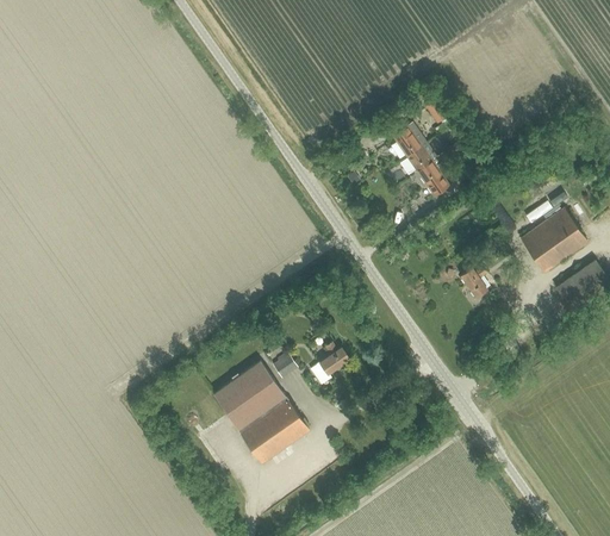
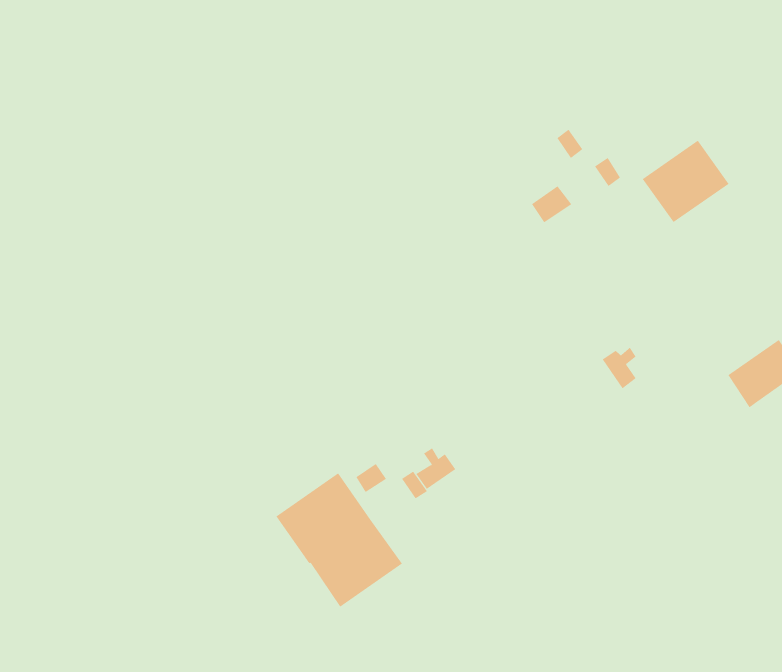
building: [391,121,427,157] -> none
building: [416,152,448,195] -> none
building: [519,208,586,272] -> [642,140,730,223]

